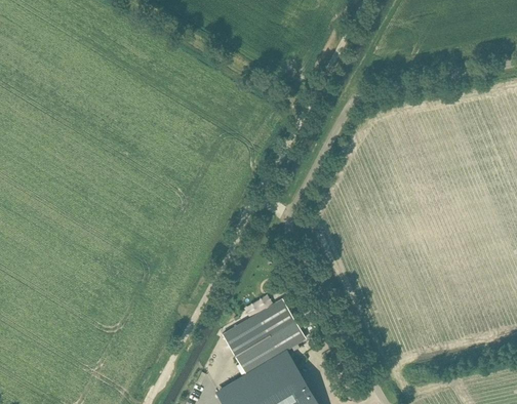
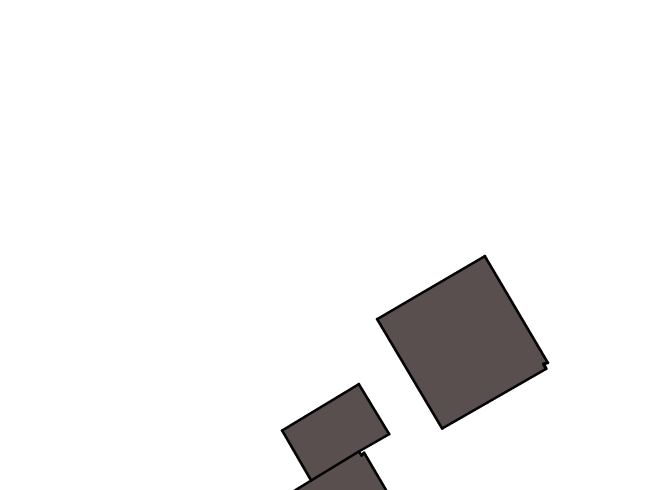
building: none -> [377,256,548,429]

